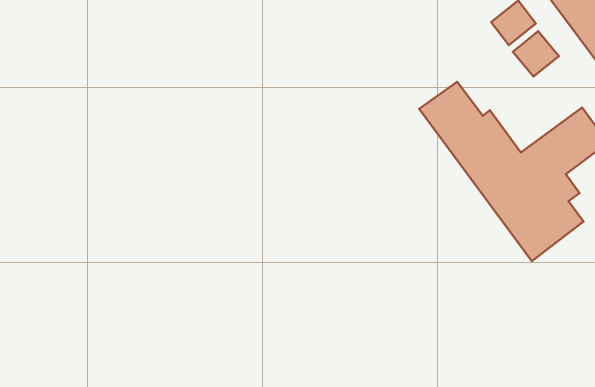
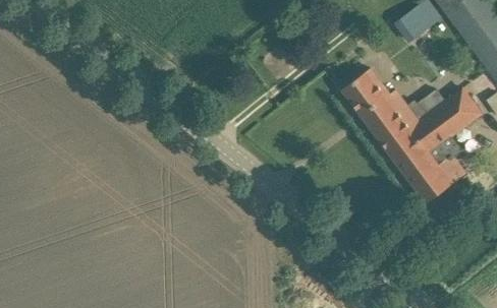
building: [513,31,559,77] -> none

